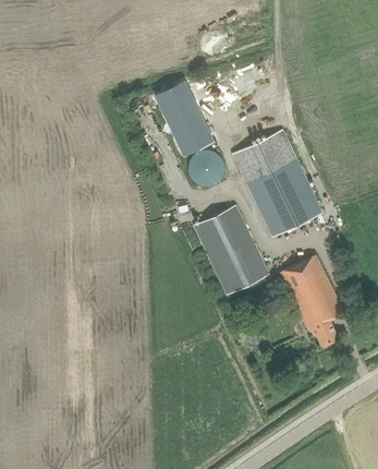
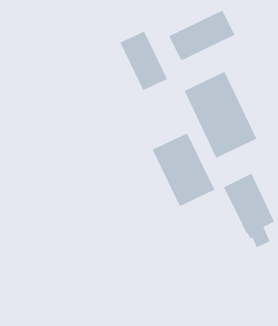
building: none -> [169,10,235,61]
building: [187,149,222,185] -> none

